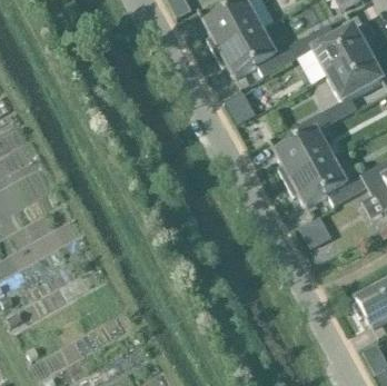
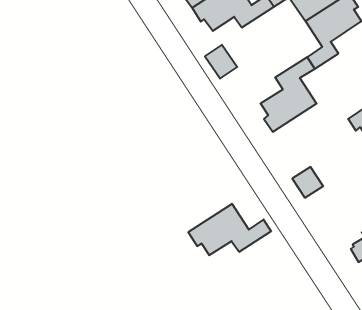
building: [286,155,368,204] -> [188,204,271,255]

